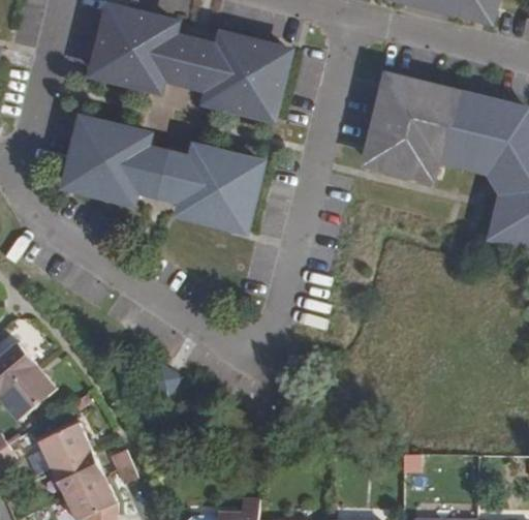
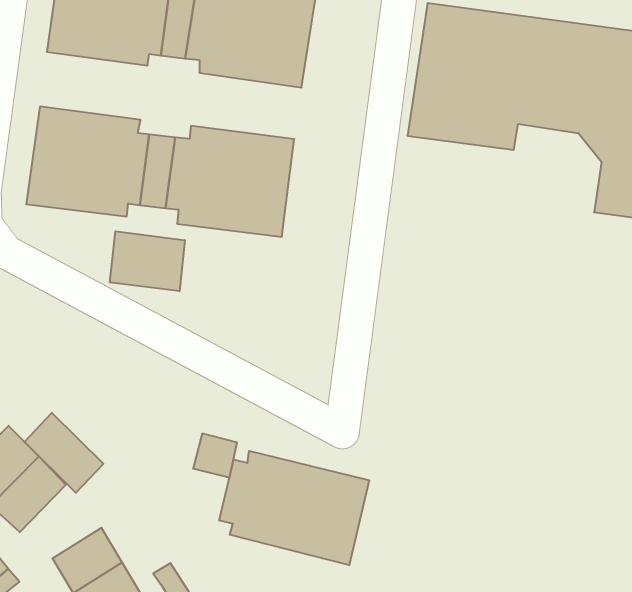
building: none -> [110,231,185,291]
building: none -> [24,413,103,493]
building: none -> [219,451,369,565]

